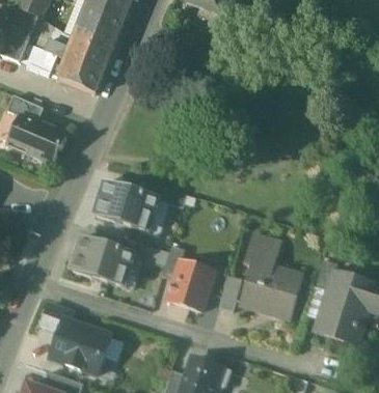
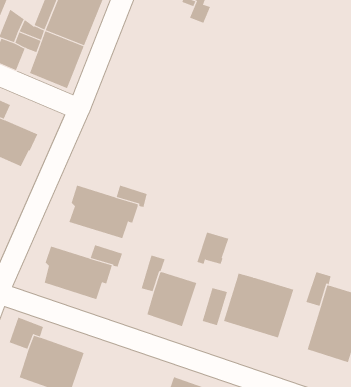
building: [244,235,274,265] -> [196,232,229,265]

